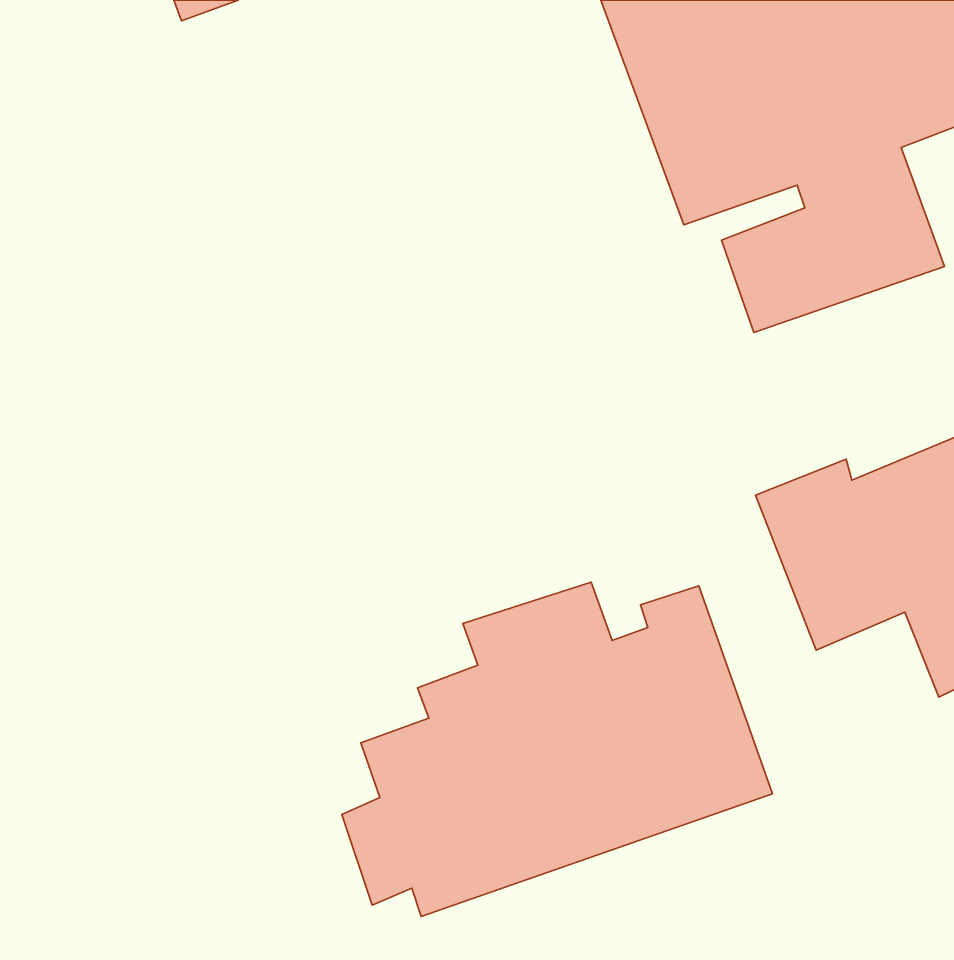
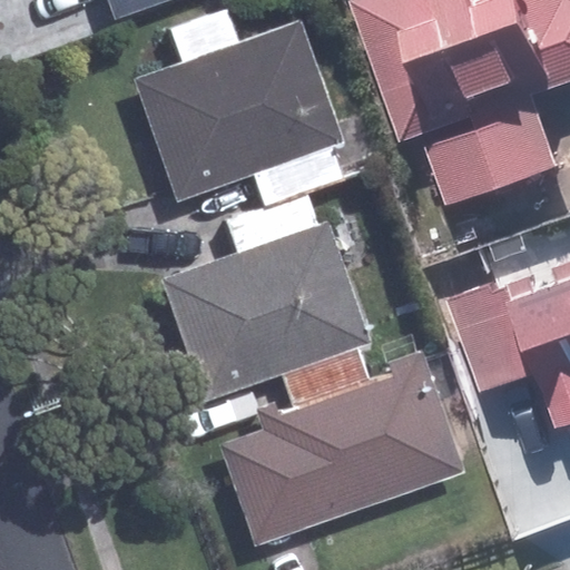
building: none -> [139,27,338,198]
building: none -> [164,225,366,397]

